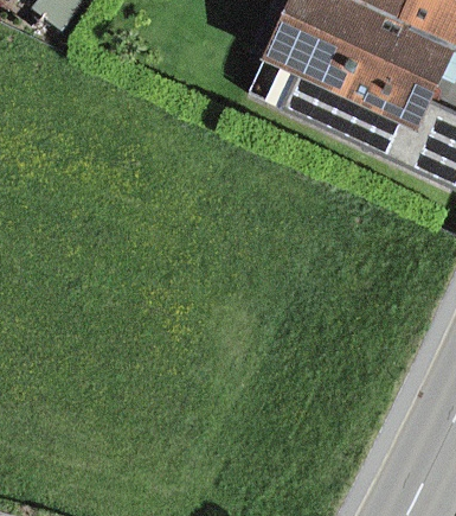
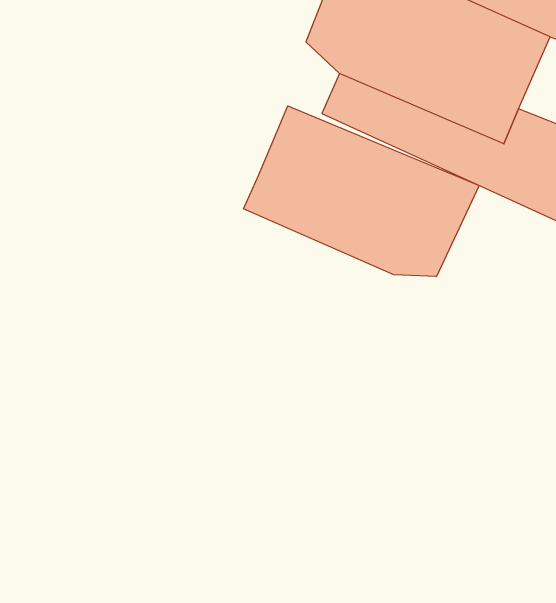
building: none -> [243,106,479,277]

